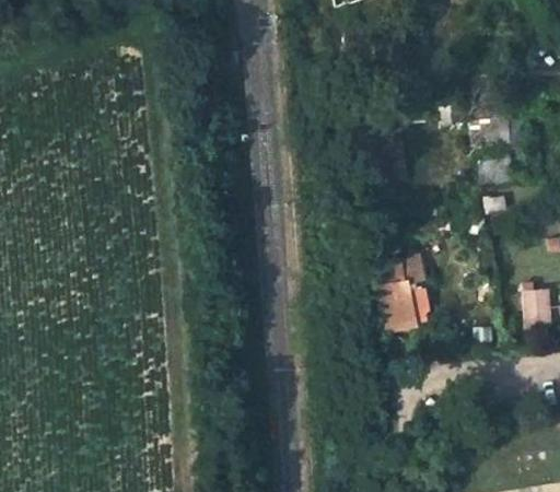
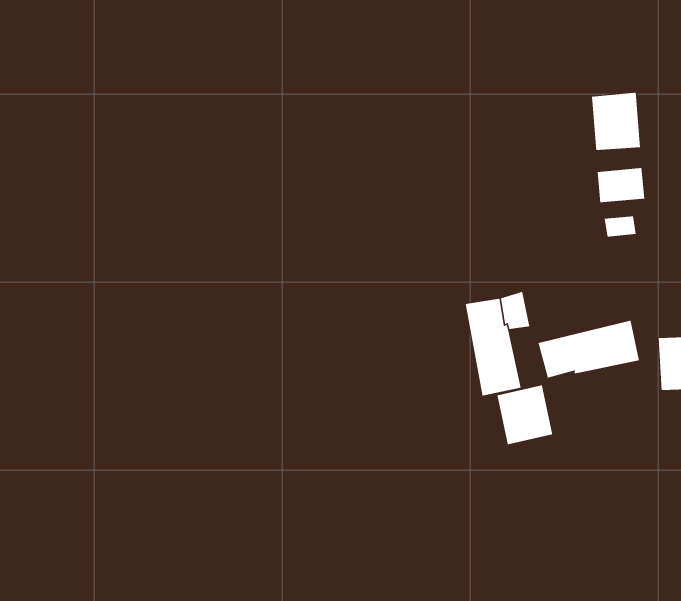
building: none -> [538,320,639,378]
building: none -> [497,385,553,445]

